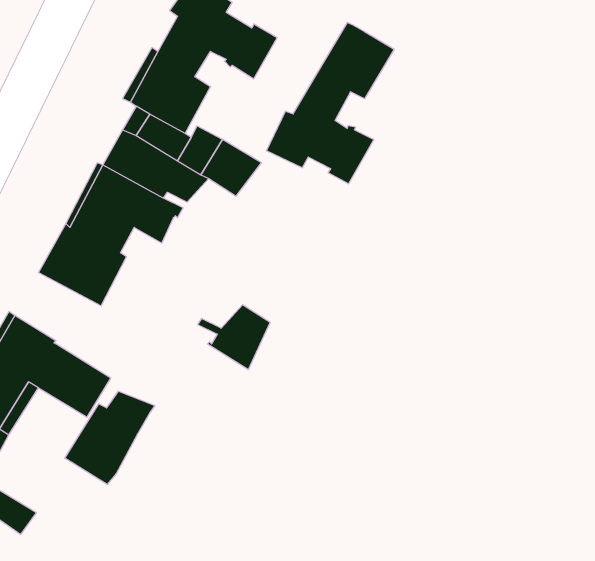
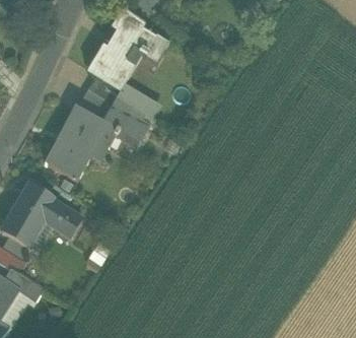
building: [267,22,394,184] -> none
building: [198,305,270,369] -> [110,114,147,147]
building: [65,391,155,484] -> none

